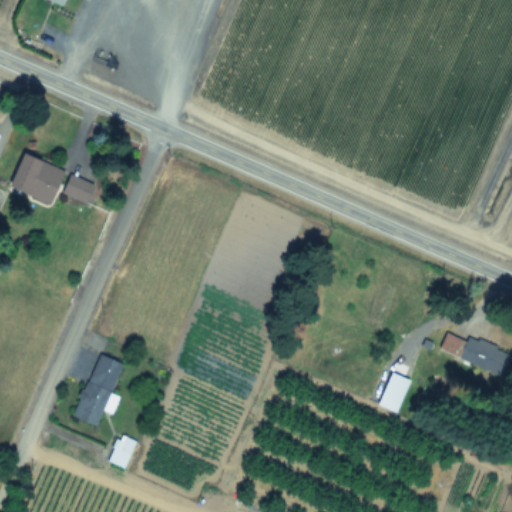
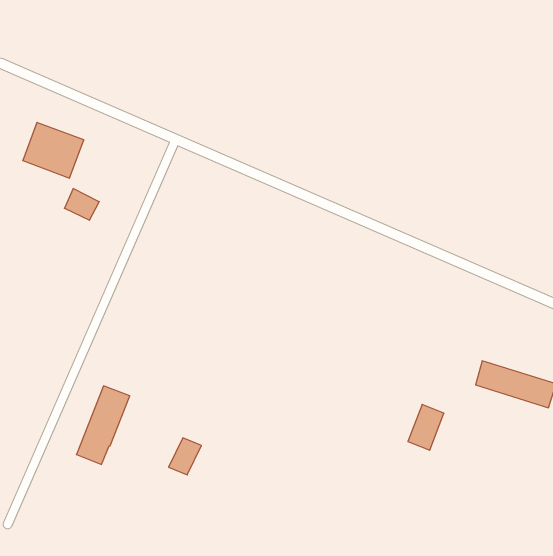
building: [9,154,65,205] -> [23,122,84,178]
building: [108,435,138,469] -> [169,438,201,475]

